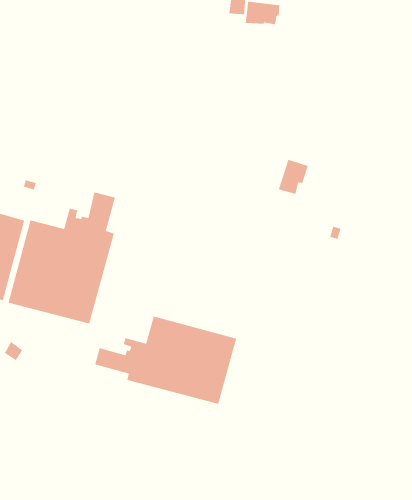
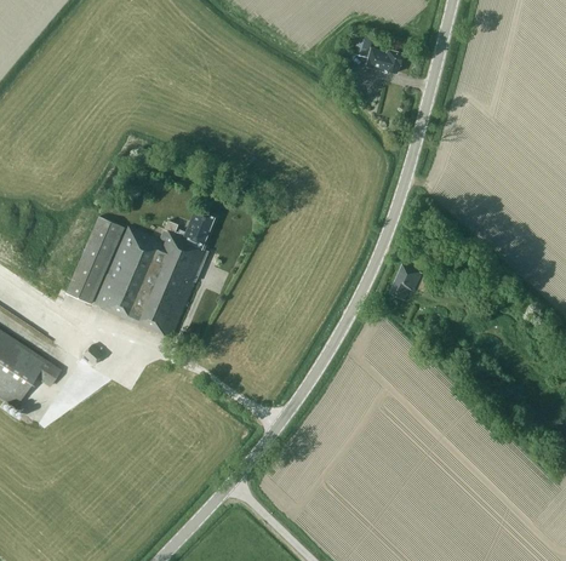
building: [278,159,309,195] -> [387,264,421,300]
building: [94,316,237,405] -> none

